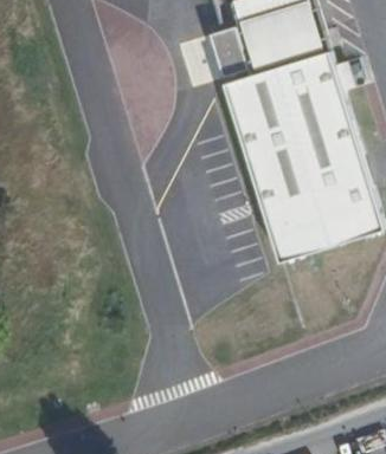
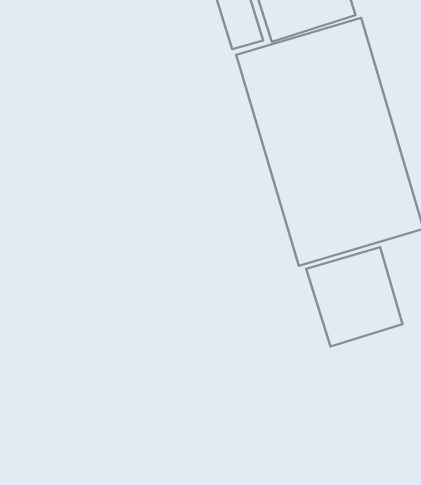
building: none -> [306,247,402,346]

